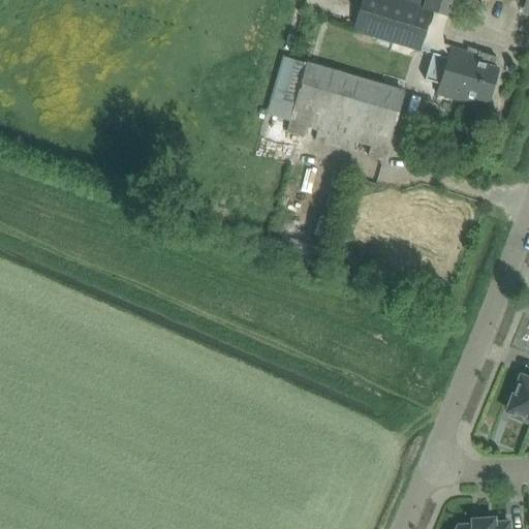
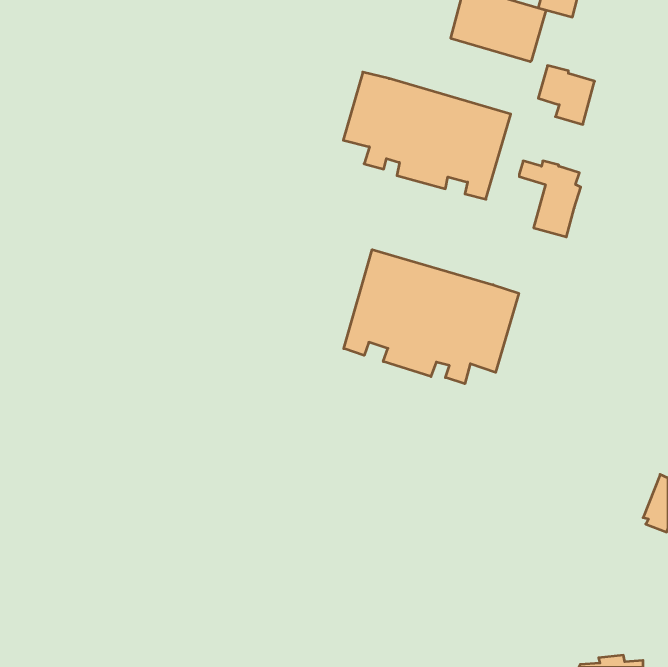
building: [448,45,497,105] -> [519,161,581,237]
building: none -> [344,250,519,384]

